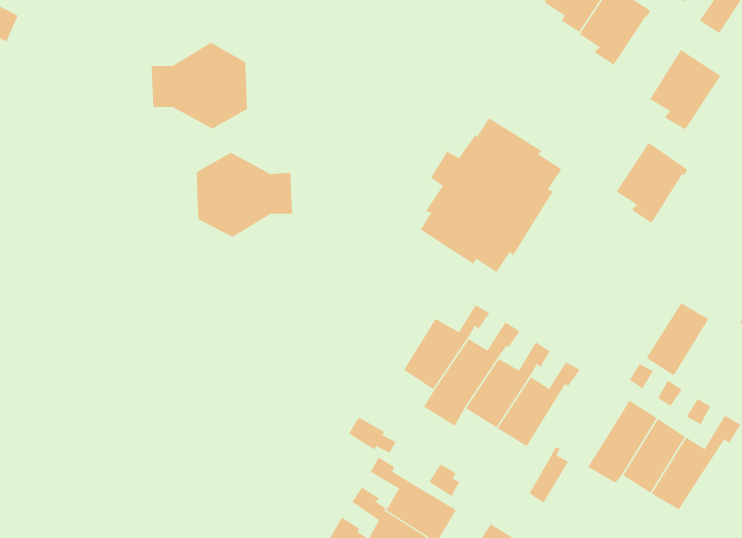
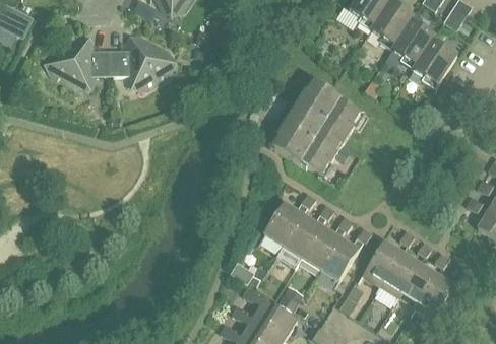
building: [616,143,688,225] -> [391,20,435,70]
building: [196,152,293,237] -> [52,38,111,89]
building: [646,303,709,376] -> [362,243,400,287]

